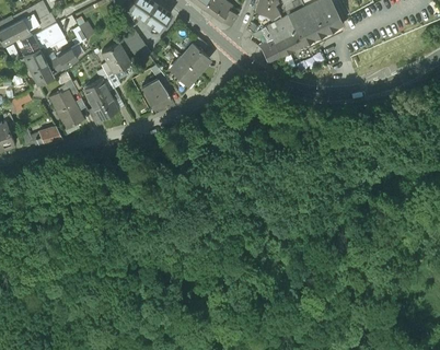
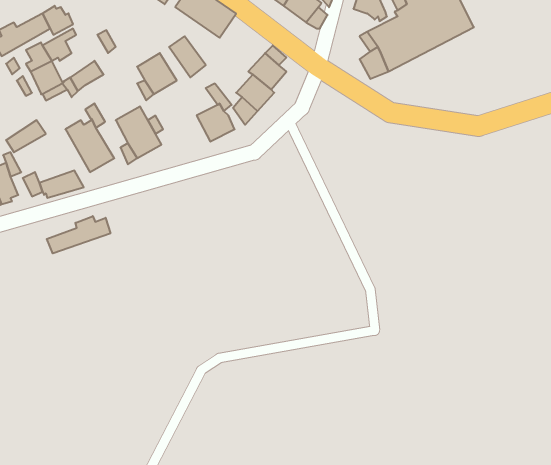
building: none -> [47,216,110,253]

